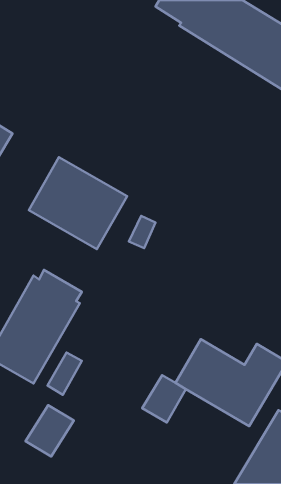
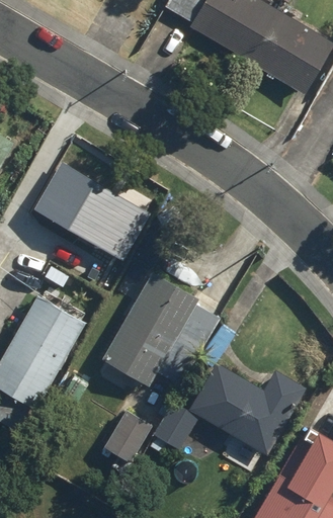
building: none -> [103,270,221,402]
building: [26,405,74,456] -> [102,410,154,464]

